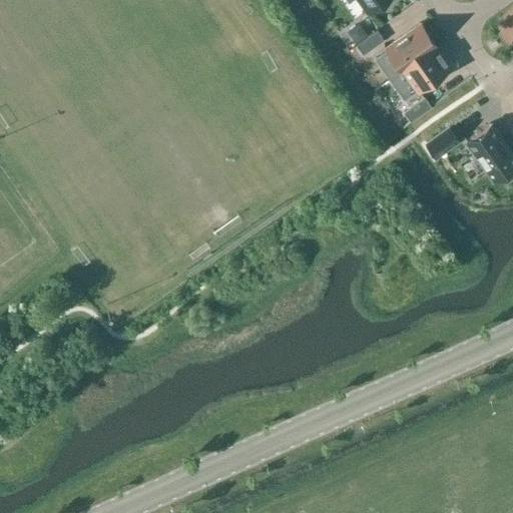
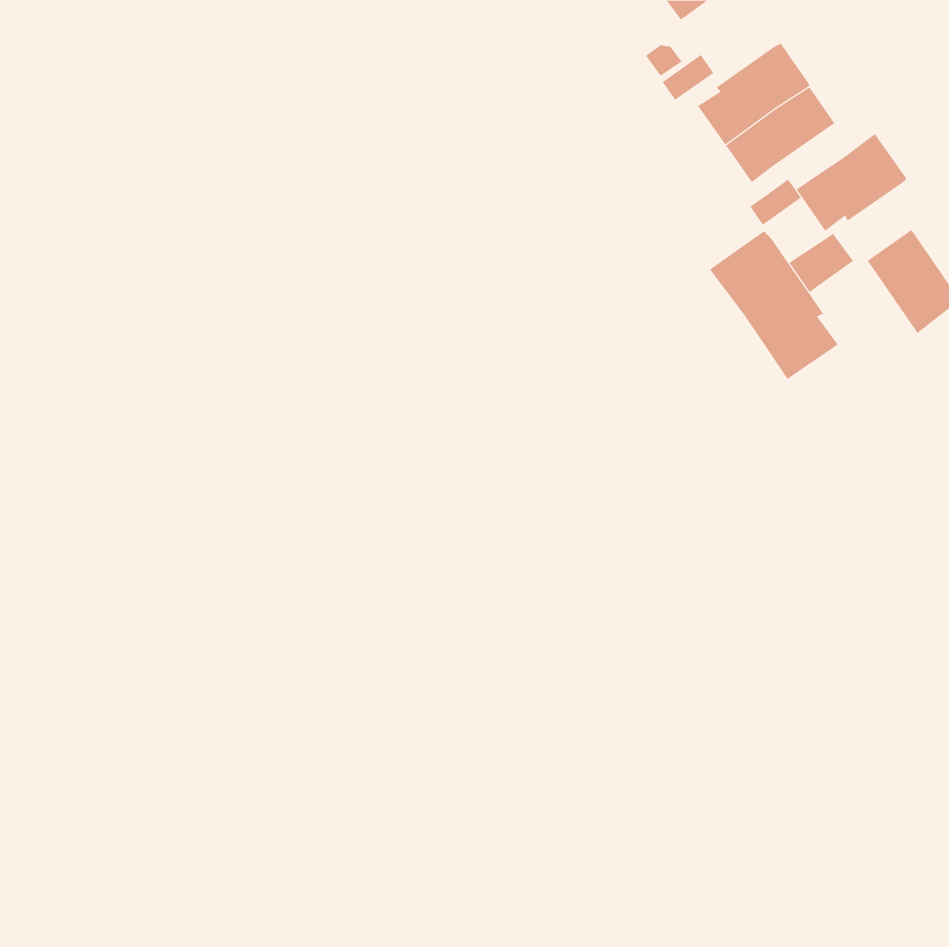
building: none -> [796,133,907,231]
building: none -> [709,230,838,380]

